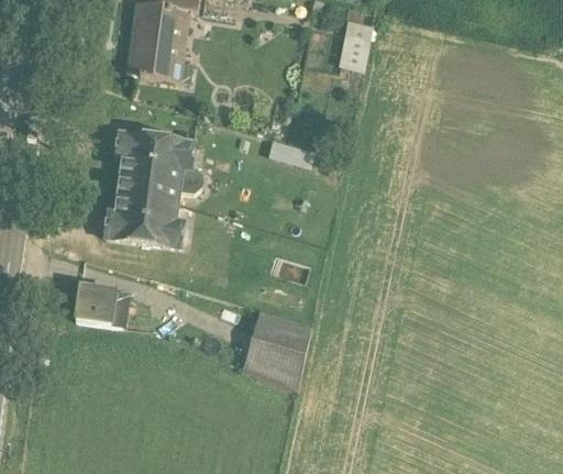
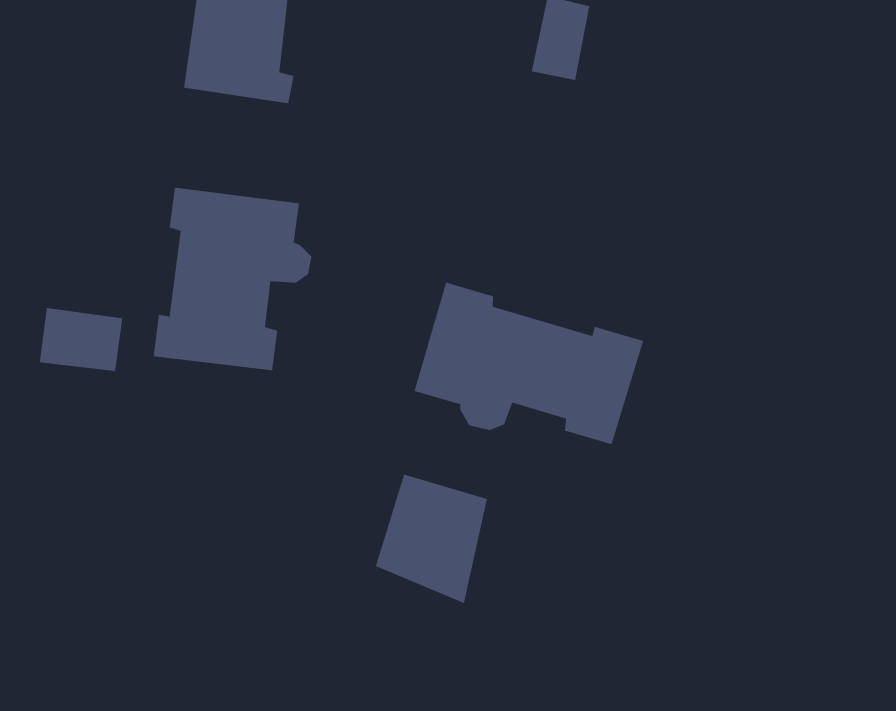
building: none -> [413,282,644,445]
building: [76,288,128,328] -> [39,307,123,372]

